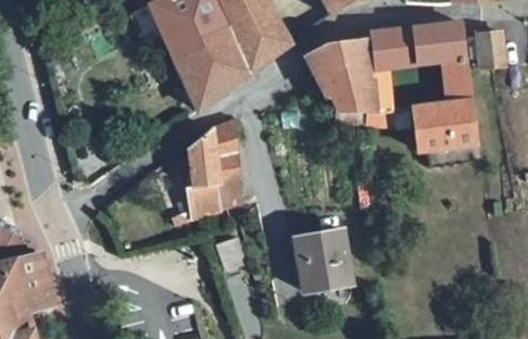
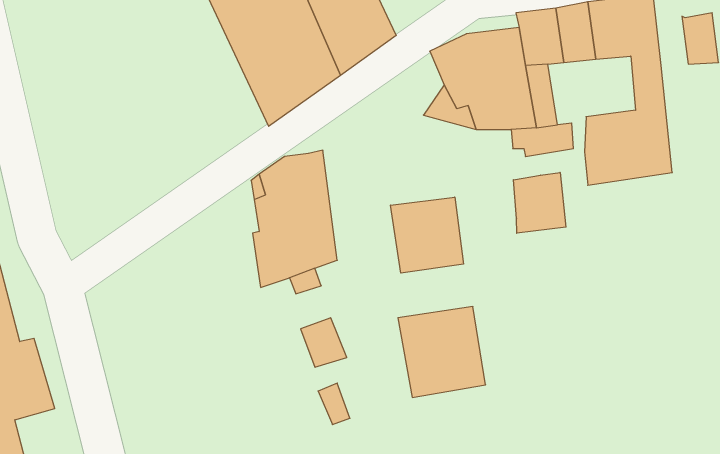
building: none -> [513,172,566,233]
building: none -> [391,197,463,273]

